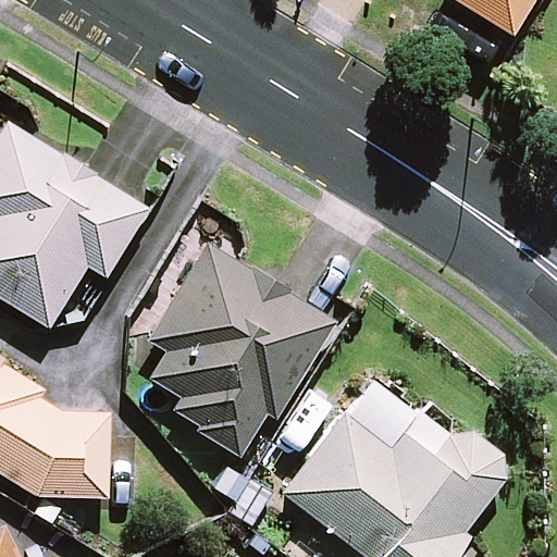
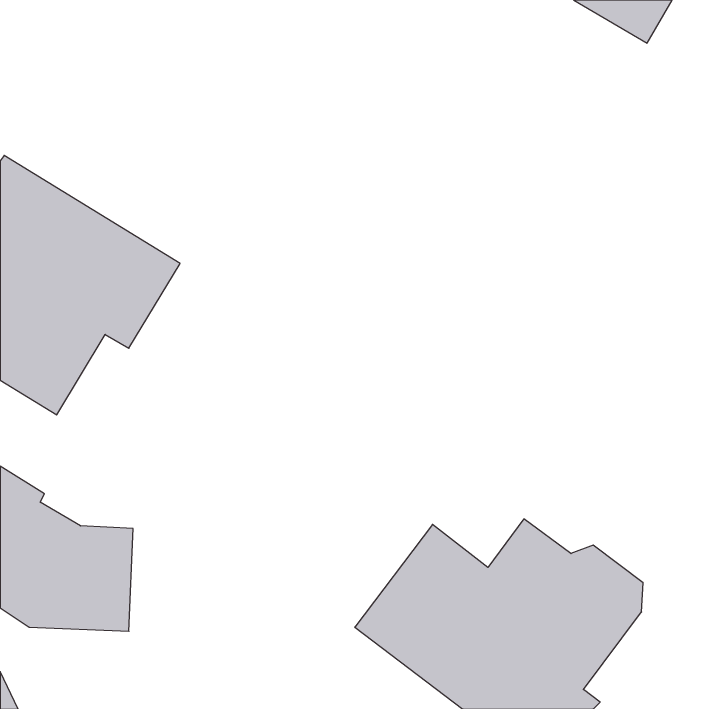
building: [149,240,332,458] -> none

